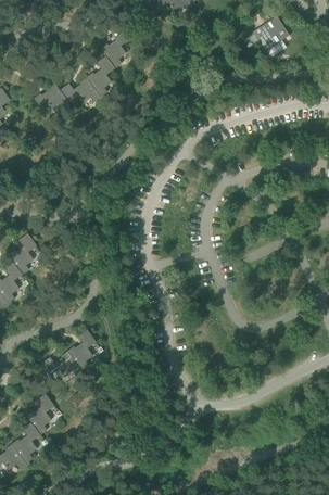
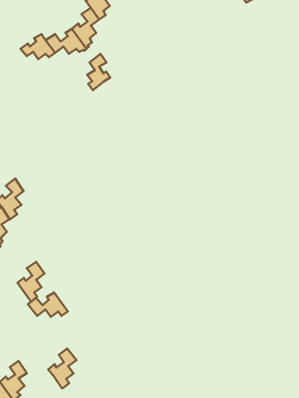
building: none -> [87,54,110,90]
building: [67,329,96,370] -> [17,262,45,302]
building: [25,393,54,434] -> [48,349,77,388]

